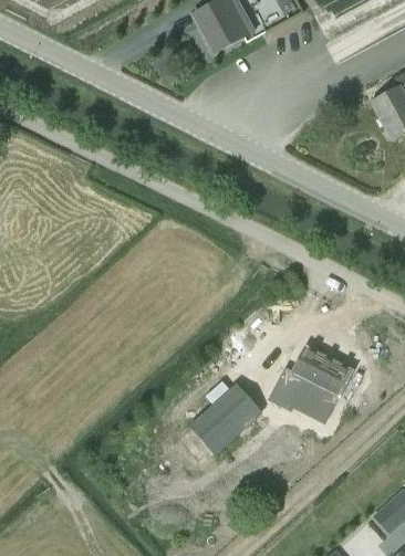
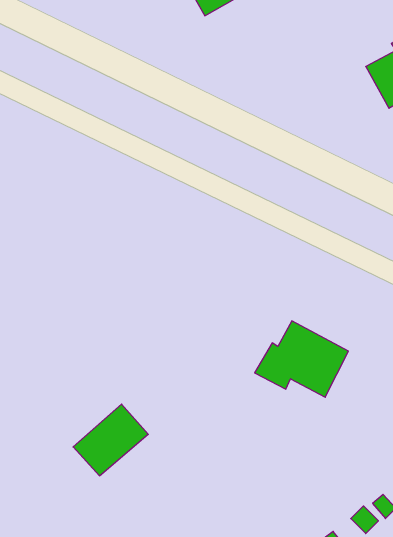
building: [190,385,262,453] -> [73,404,148,476]

